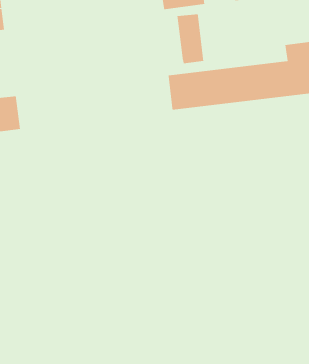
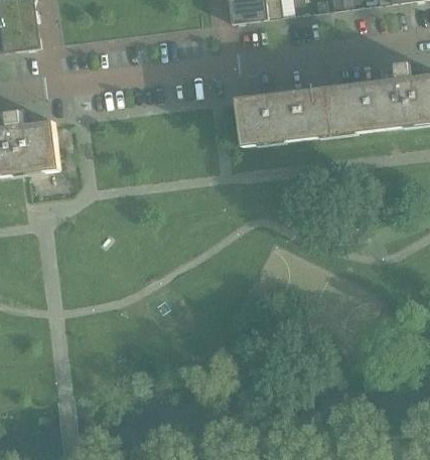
building: [177,13,204,64] -> none

